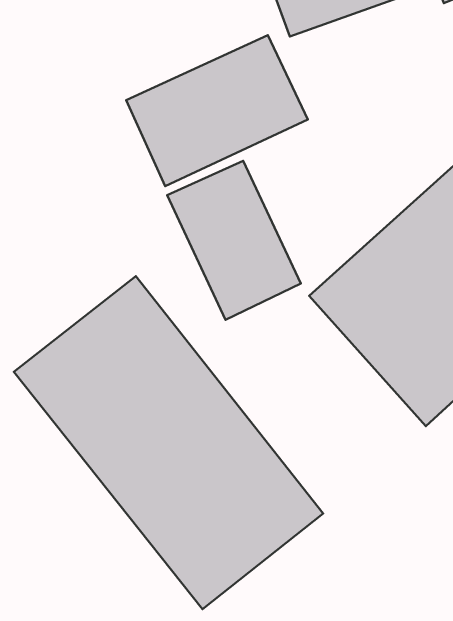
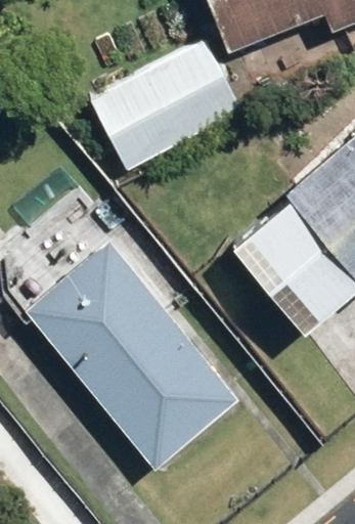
building: [167,161,301,320] -> none

